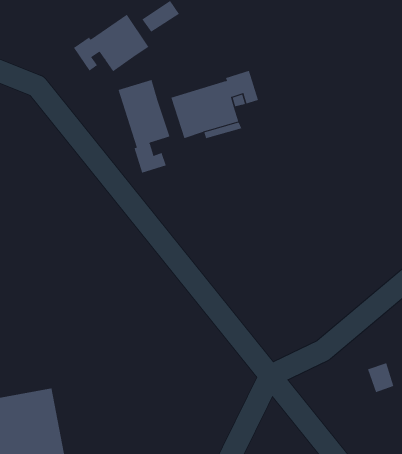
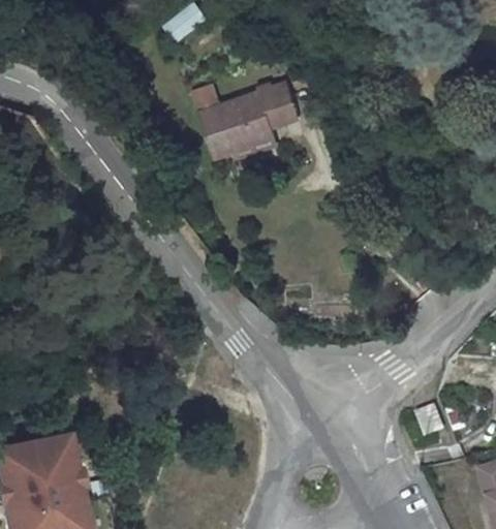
building: [73,14,149,72] -> none
building: [118,79,170,173] -> none

